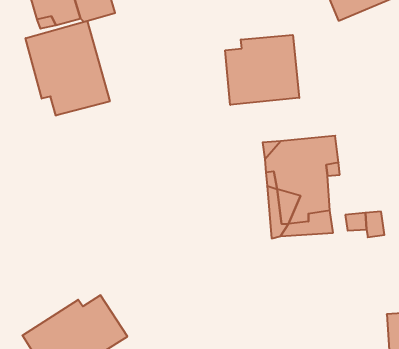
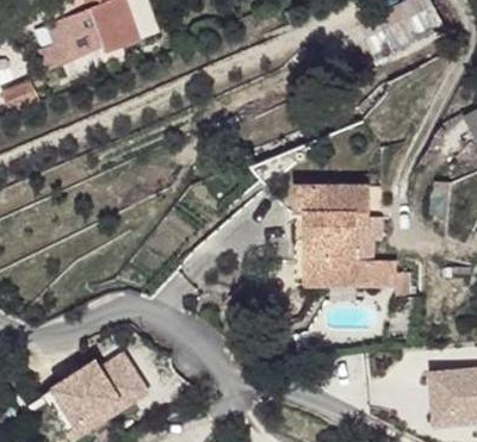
building: [26,21,110,116] -> none
building: [225,35,299,105] -> none

